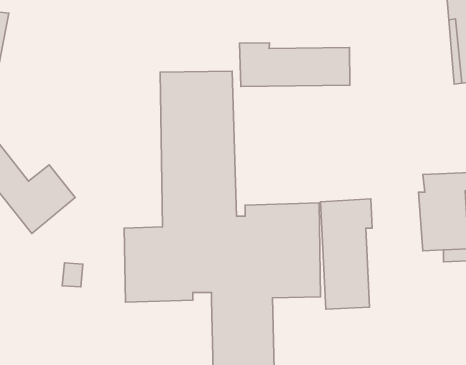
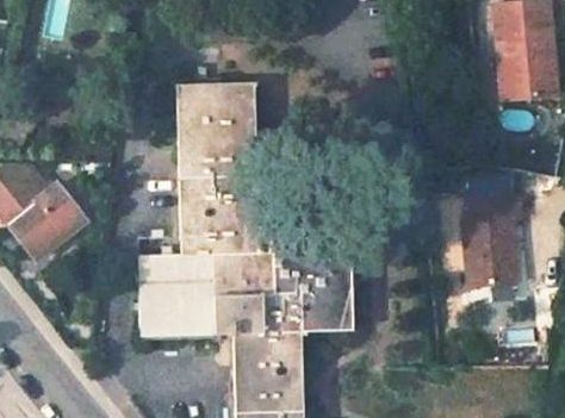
building: [240,43,350,86] -> none
building: [321,199,372,309] -> none

